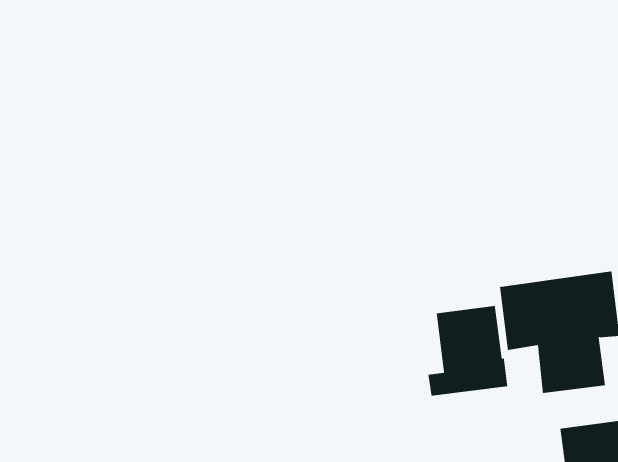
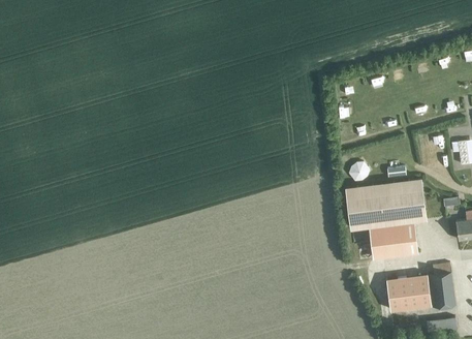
building: [428,305,508,397] -> none

